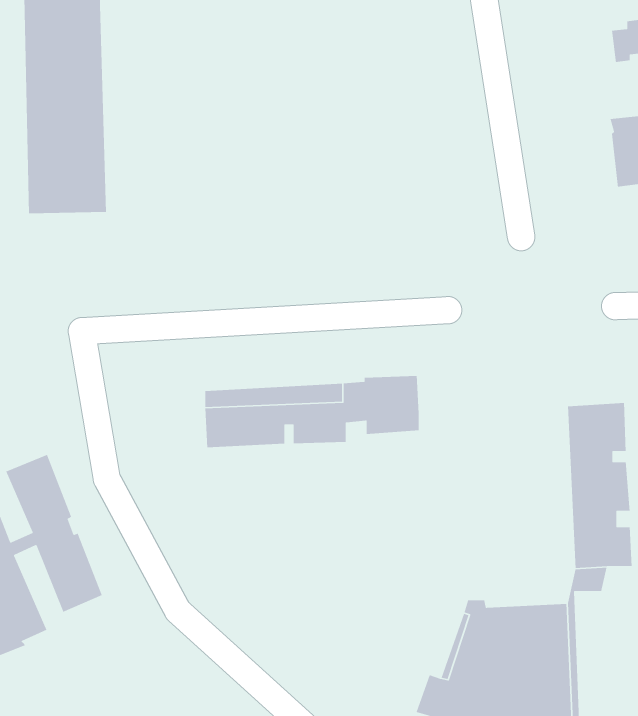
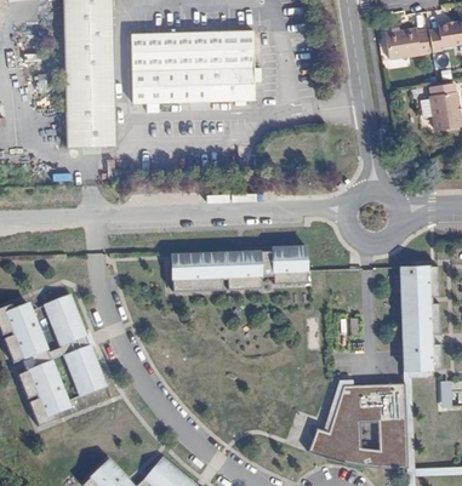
building: none -> [386,27,428,57]
building: none -> [125,30,255,113]

